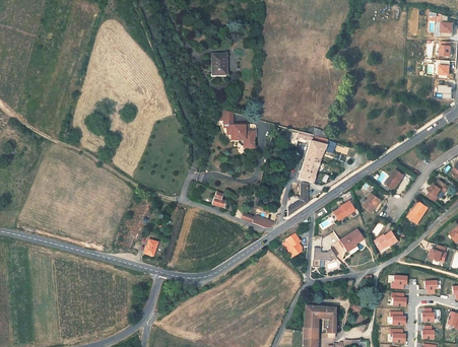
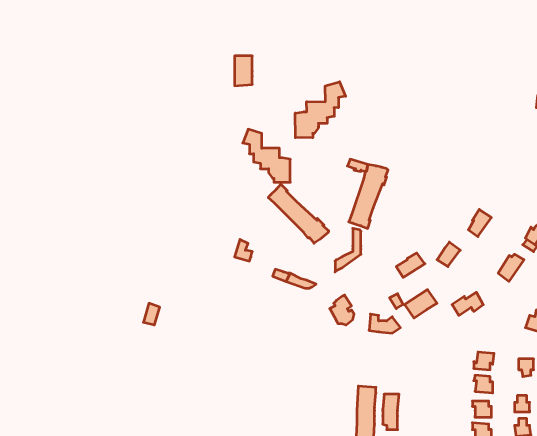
building: none -> [295,82,346,138]
building: none -> [268,184,329,243]

